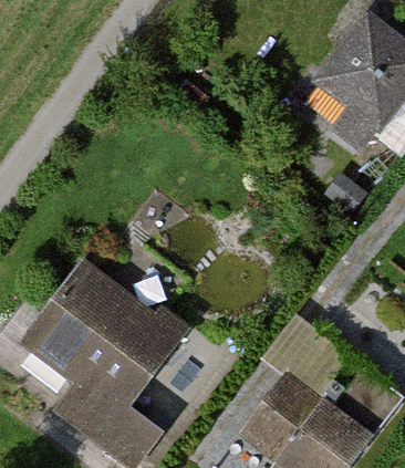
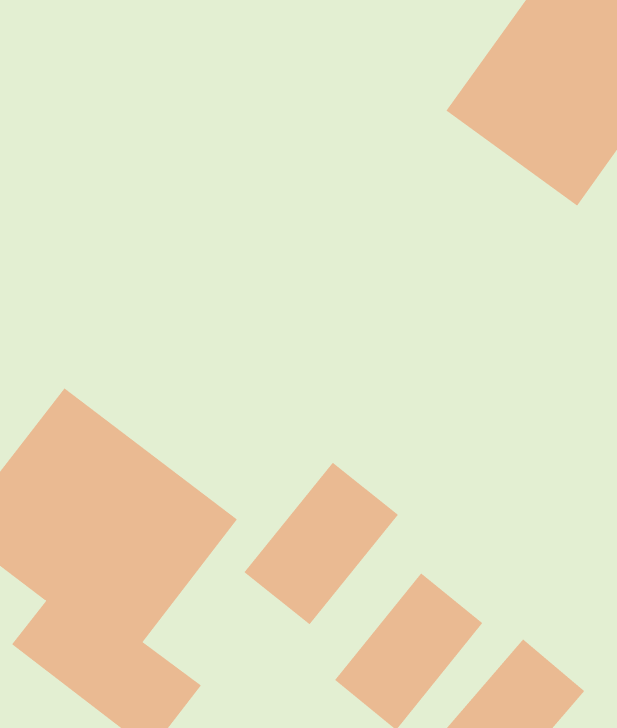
building: none -> [243,462,399,625]

